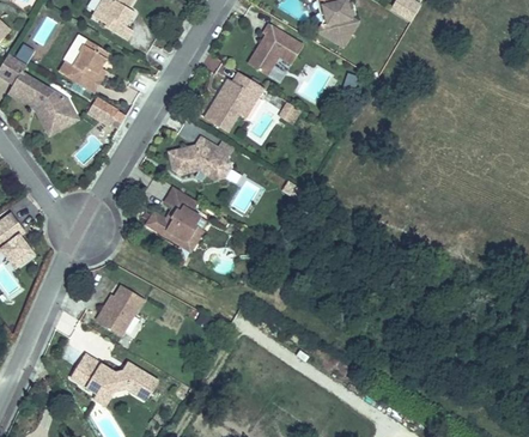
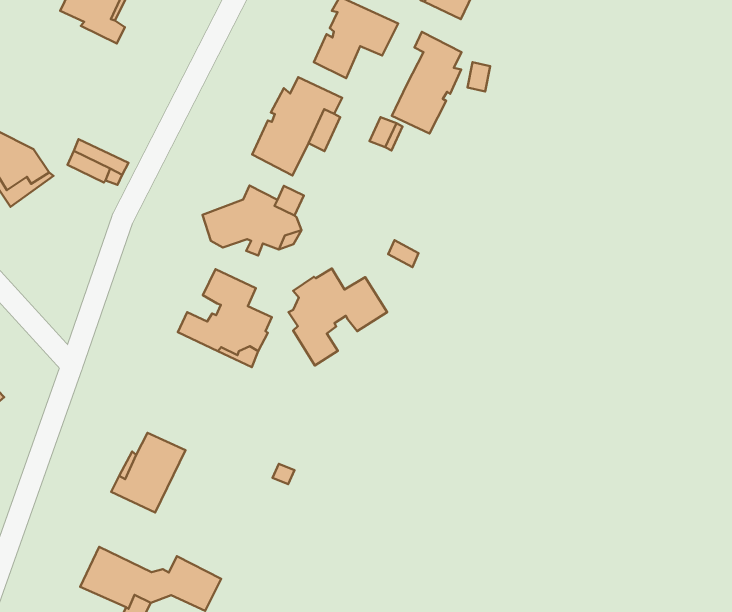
building: [59,38,109,91] -> none
building: none -> [392,32,462,133]
building: none -> [289,269,387,365]

